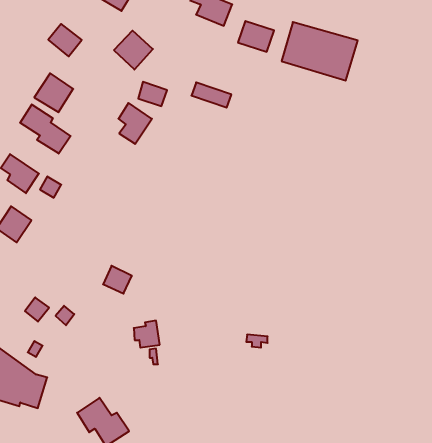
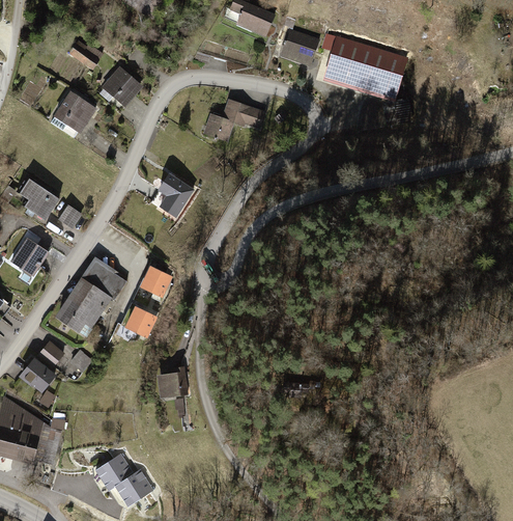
building: [114,31,153,70] -> [97,65,141,109]
building: [138,82,167,106] -> [206,114,238,141]
building: [118,103,152,144] -> [159,171,196,217]
building: [20,104,71,154] -> none
building: none -> [59,260,127,335]
building: none -> [137,266,173,306]
building: none -> [16,355,54,392]

